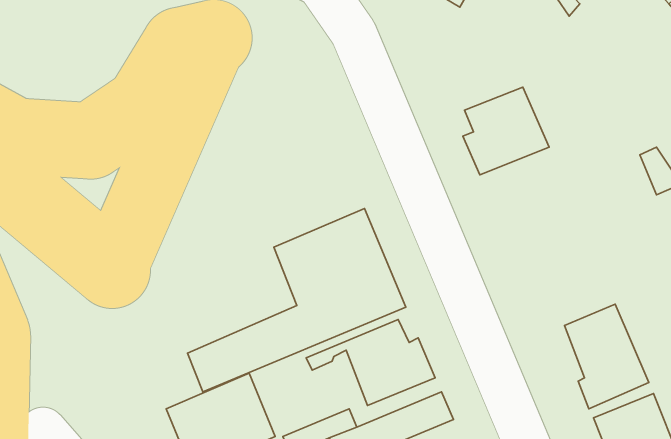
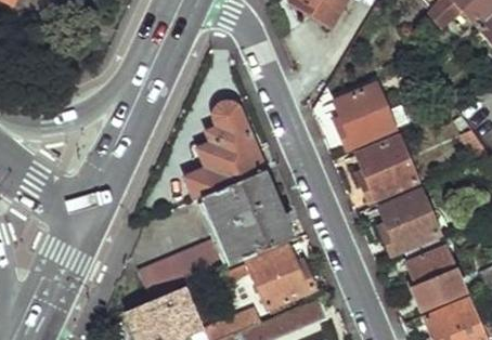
building: none -> [185,103,264,199]
building: none -> [355,138,415,199]
building: none -> [377,188,439,253]

